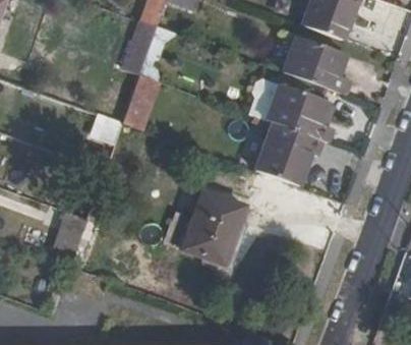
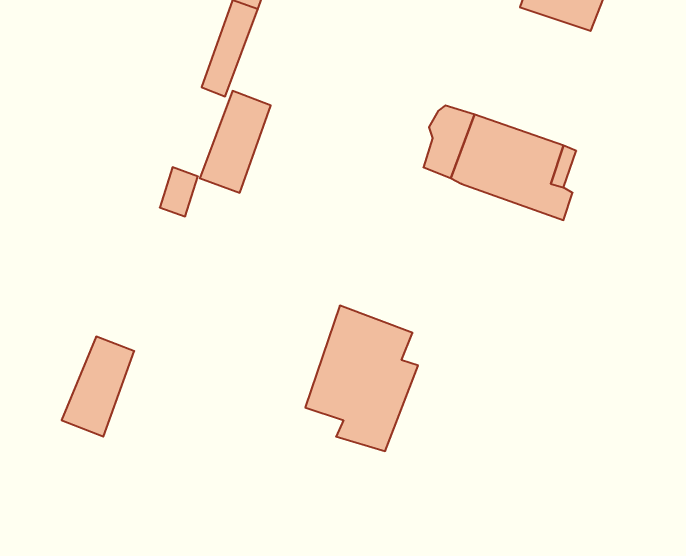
building: [282,38,350,96] -> none
building: [254,124,327,186] -> none

